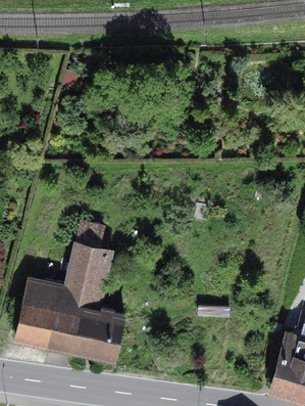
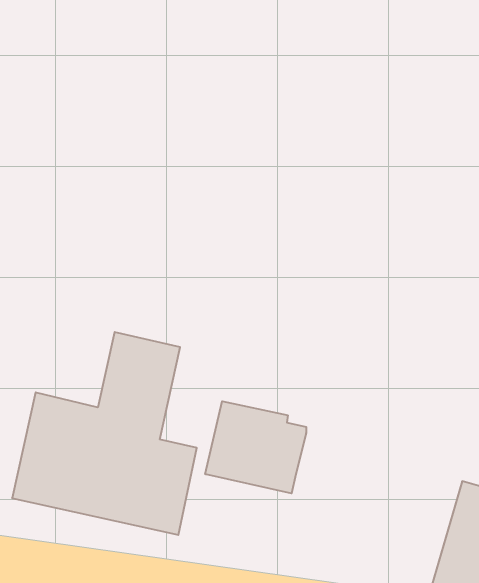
building: none -> [205,401,306,493]

